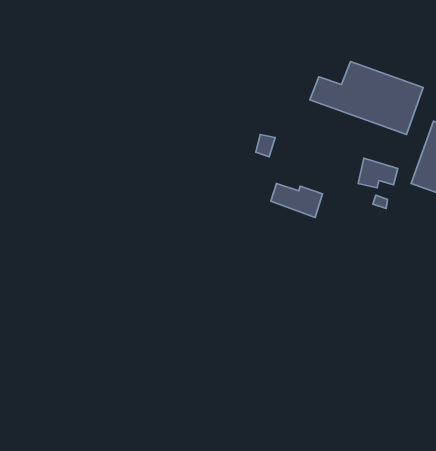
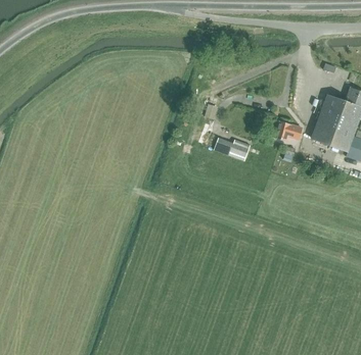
building: [310,61,423,134] -> none

